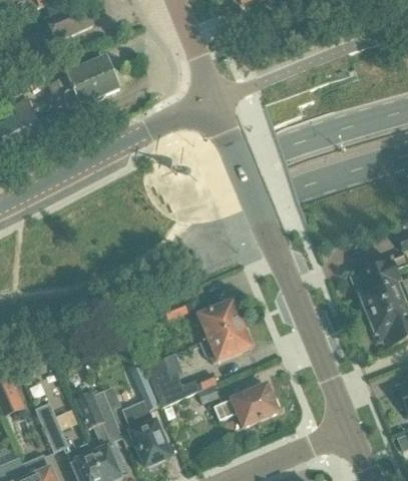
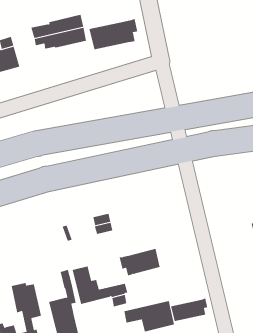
building: none -> [89,18,138,50]
building: [194,301,243,341] -> none
building: none -> [171,298,208,322]

